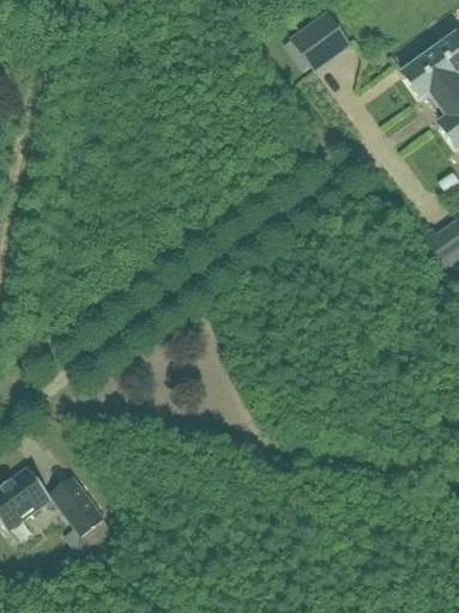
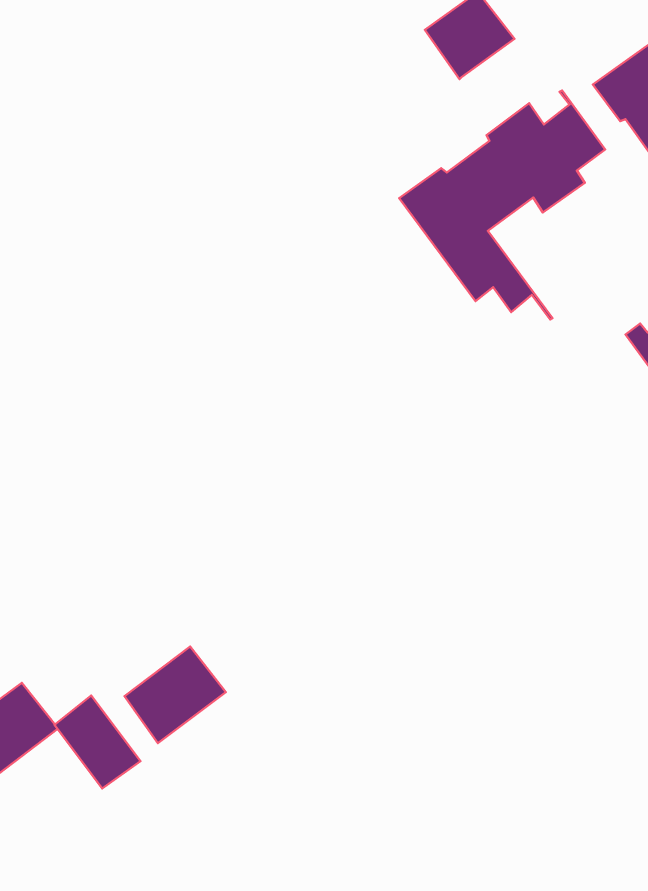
building: none -> [399,90,605,320]
building: none -> [124,646,226,743]

